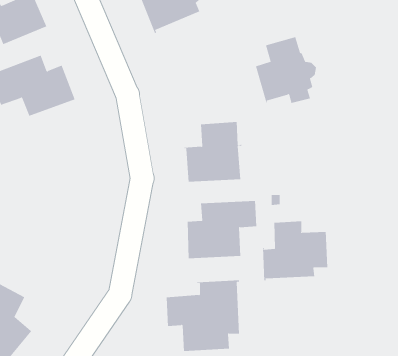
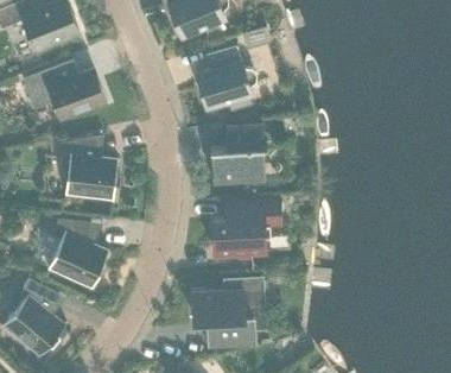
building: [255,37,317,105] -> [196,45,255,110]
building: none -> [58,137,117,201]
building: none -> [47,219,108,289]
building: [263,221,328,281] -> none

